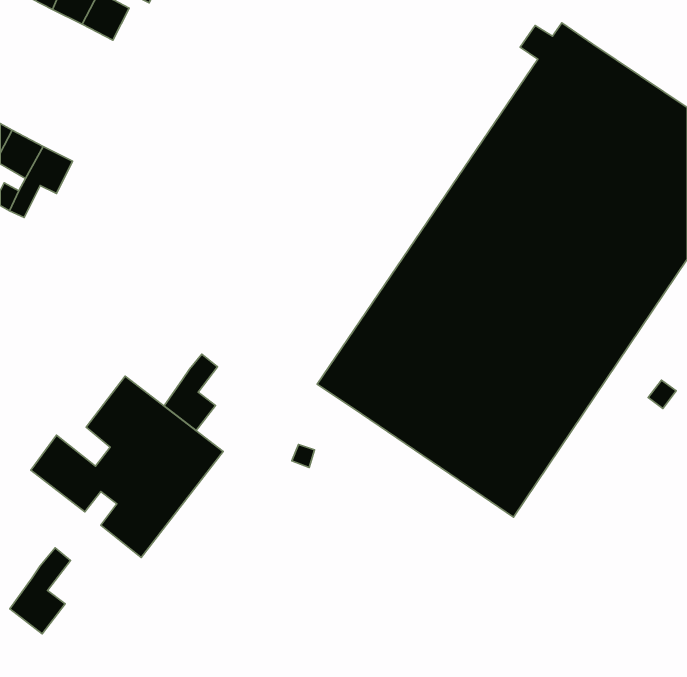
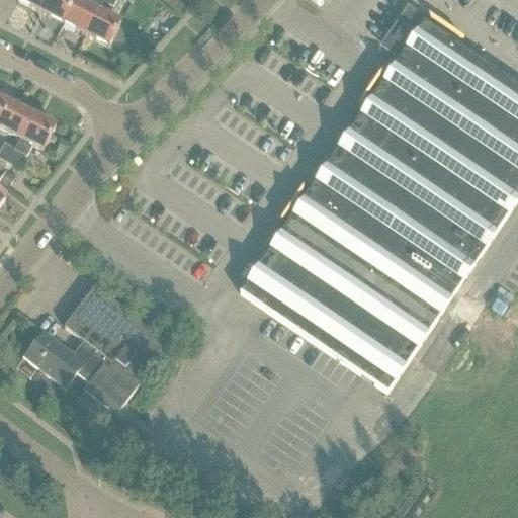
building: none -> [85,6,120,41]
building: [164,354,217,431] -> none
building: [10,548,71,634] -> none

